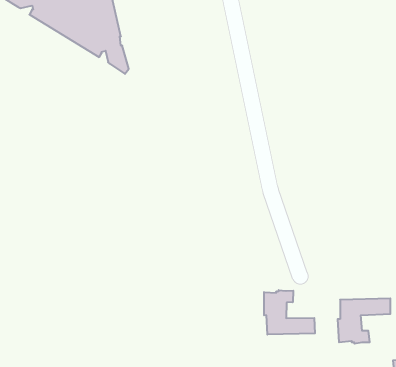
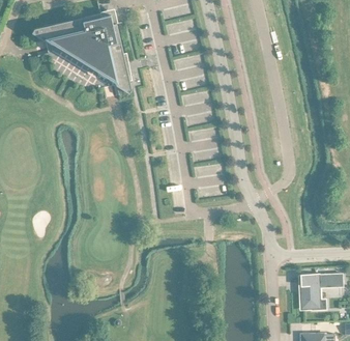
building: [264,290,315,335] -> none

